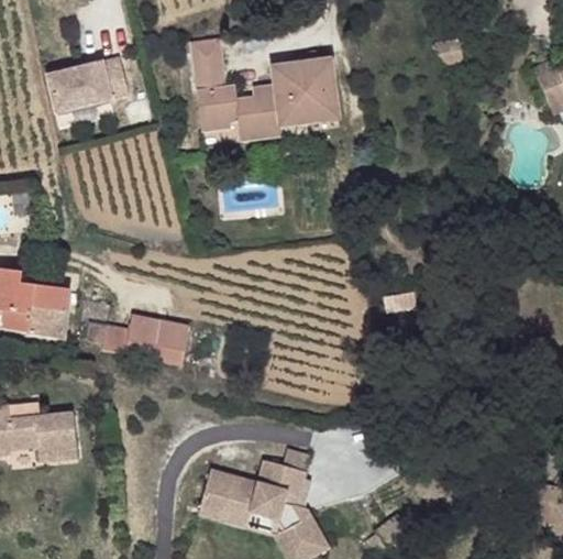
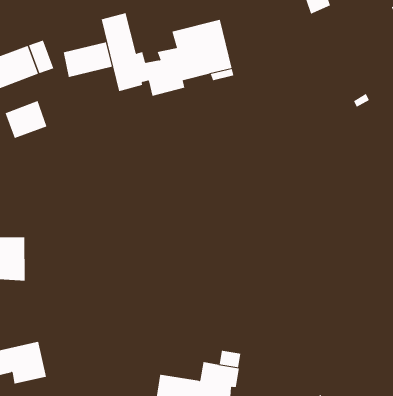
building: none -> [63,41,112,78]
building: none -> [5,100,47,139]
building: [85,315,189,365] -> none

